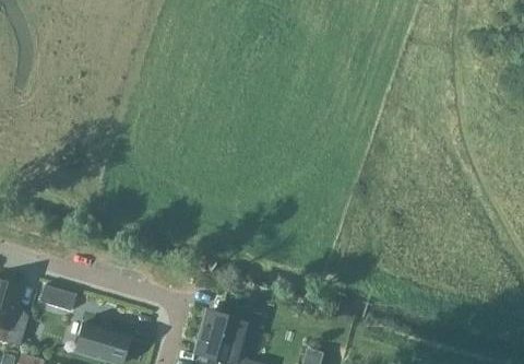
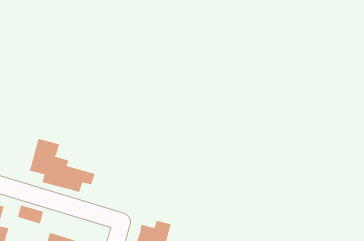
building: none -> [29,138,95,193]

